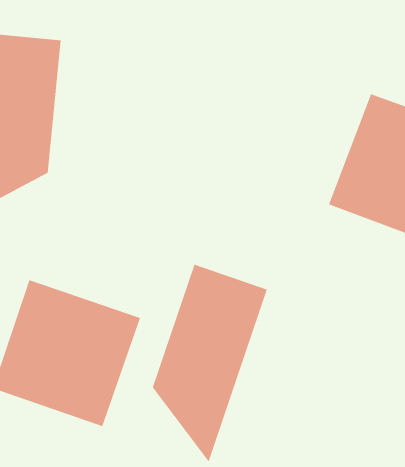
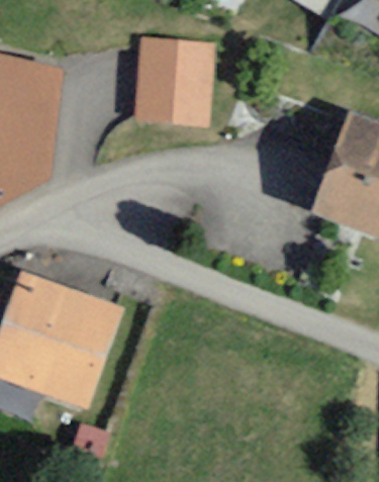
building: none -> [129,33,206,122]
building: [152,264,268,462] -> none

